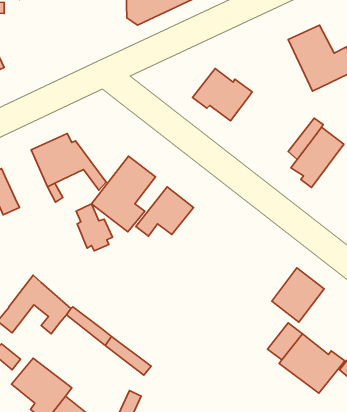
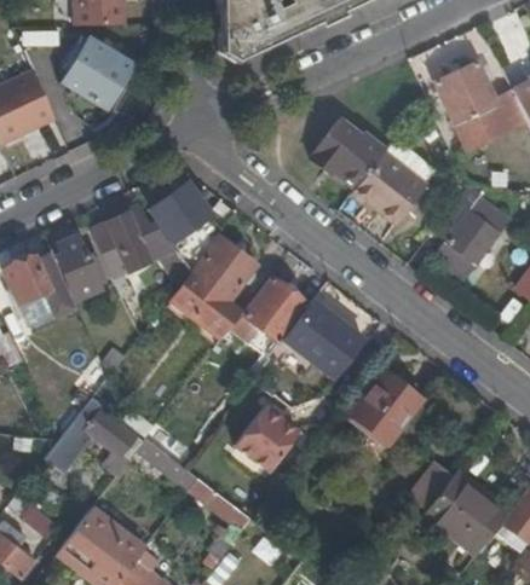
building: none -> [62,37,133,109]
building: none -> [353,155,433,232]
building: none -> [150,184,208,241]
building: none -> [283,300,362,377]
building: [76,204,112,251] -> [56,234,104,297]
building: [272,268,324,322] -> [352,371,422,444]
building: none -> [235,406,299,470]

